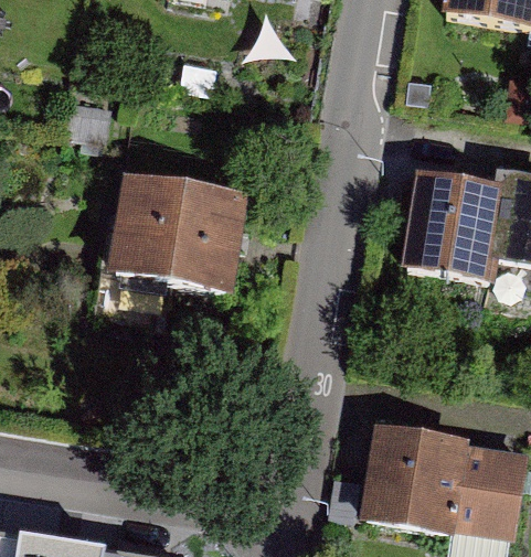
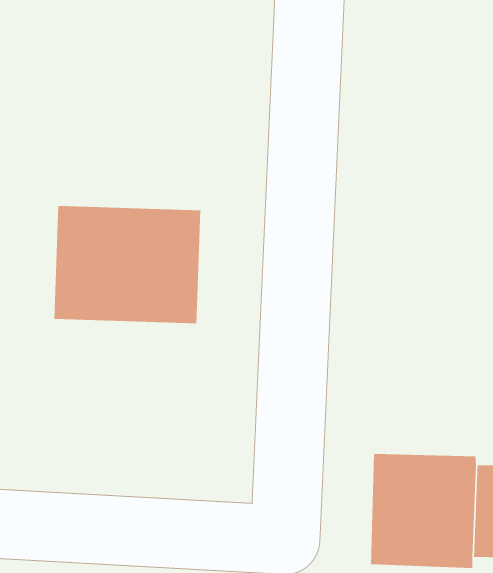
building: [399,167,502,278] -> none

